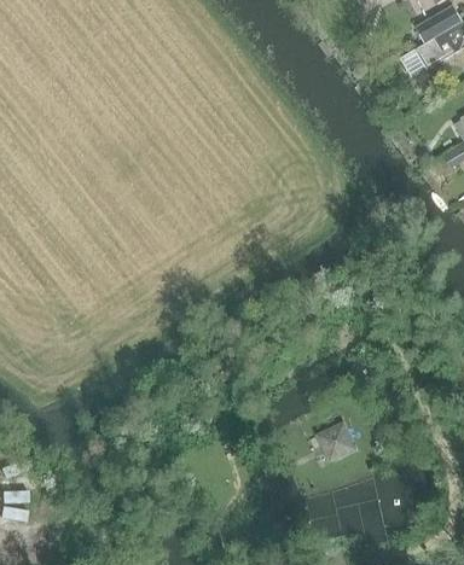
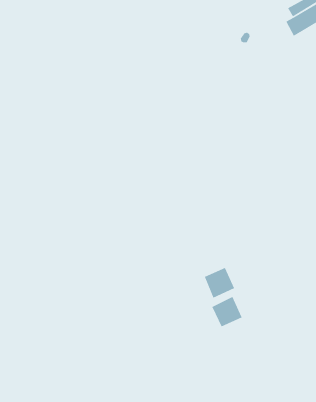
building: none -> [204,267,235,298]

